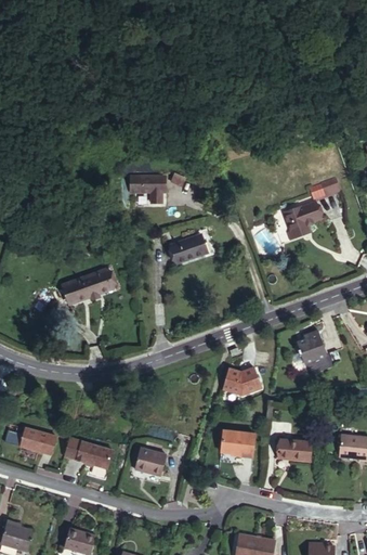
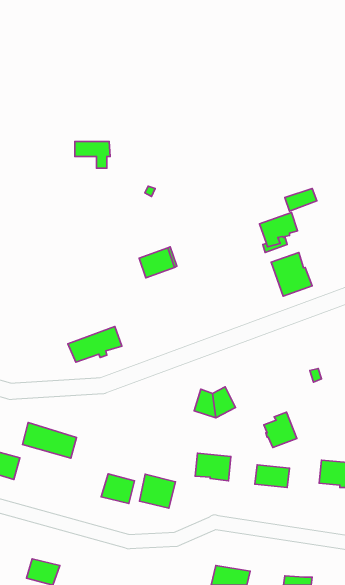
building: [131,179,165,204] -> [75,142,110,168]
building: none -> [271,252,312,296]
building: [62,271,113,305] -> [68,327,122,362]
building: [298,330,329,363] -> [264,412,297,448]
building: [64,434,115,467] -> [22,423,76,458]
building: none -> [140,474,176,508]

